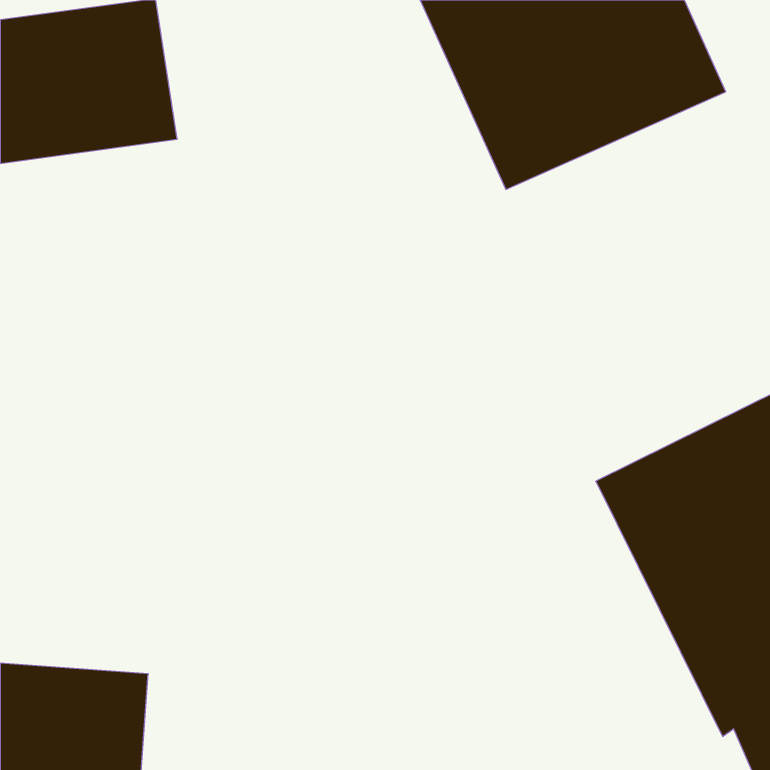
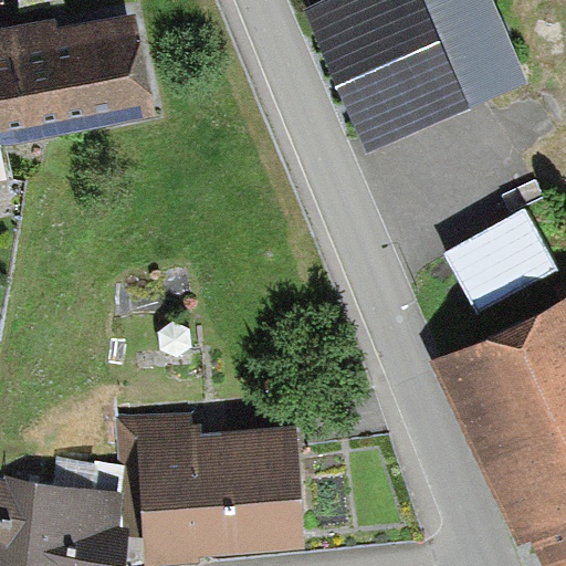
building: none -> [454,216,553,307]
building: none -> [138,432,290,552]

